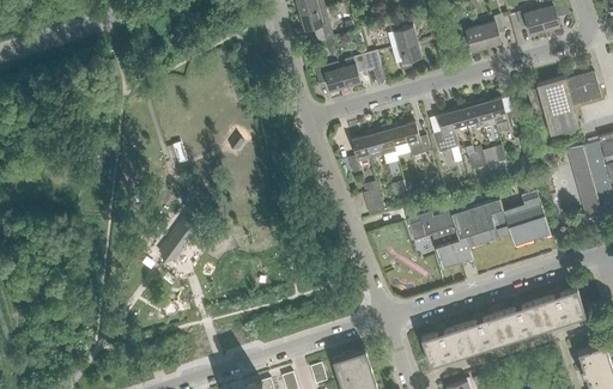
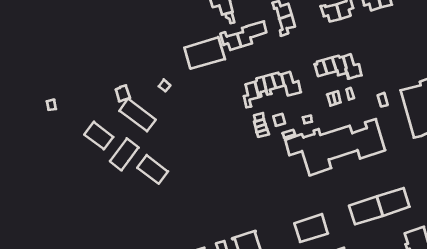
building: [526,73,600,136] -> none
building: none -> [184,37,225,69]
building: [433,113,457,153] -> none
building: none -> [119,98,156,131]
building: none -> [84,122,113,149]
building: none -> [137,155,168,184]
building: [459,314,505,353] -> none

